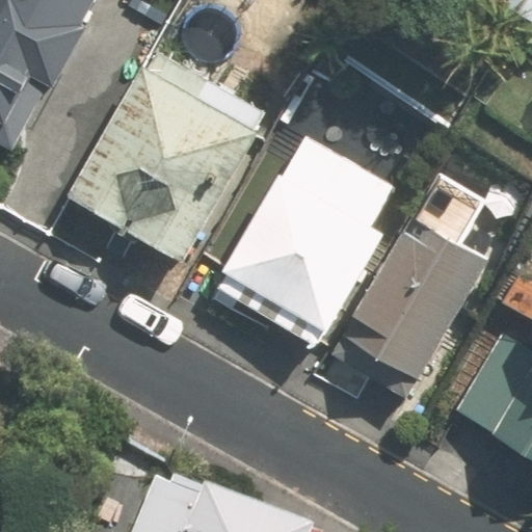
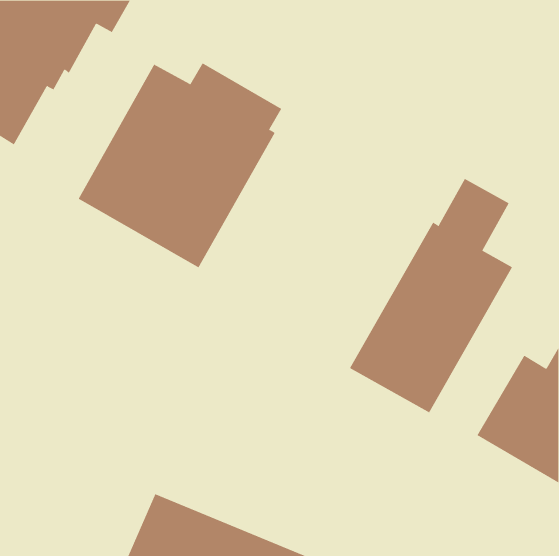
building: [214,133,400,344] -> none

